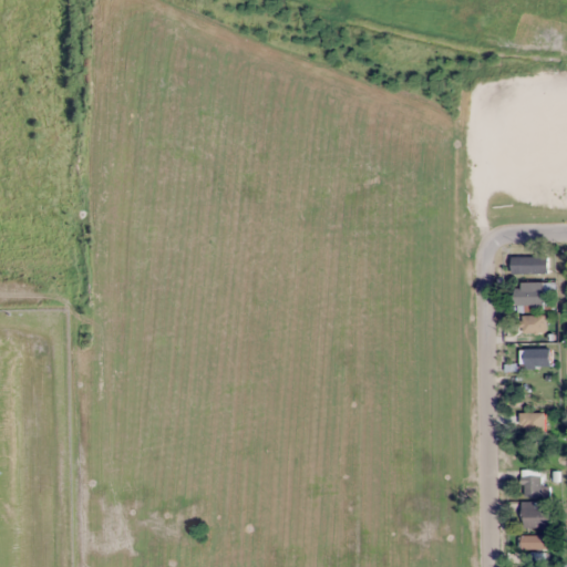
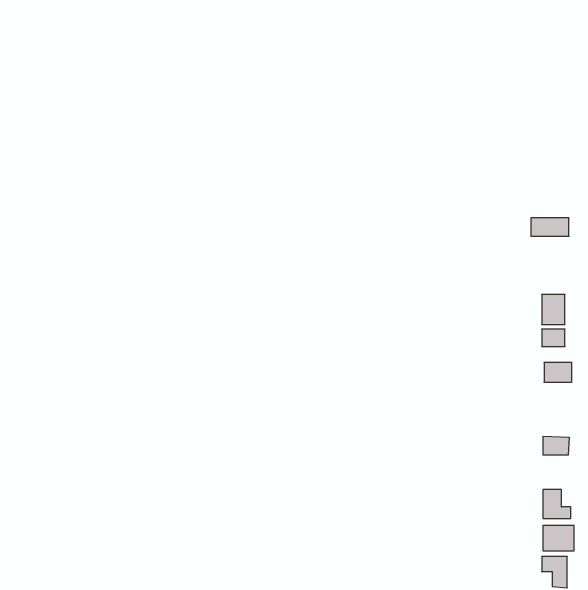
building: [511,257,547,275] -> [531,218,569,236]

